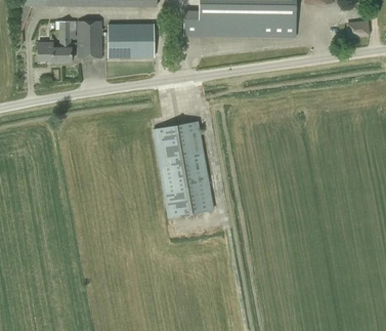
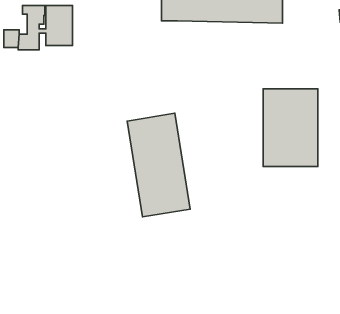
building: [109,25,155,57] -> none
building: none -> [263,89,318,167]

